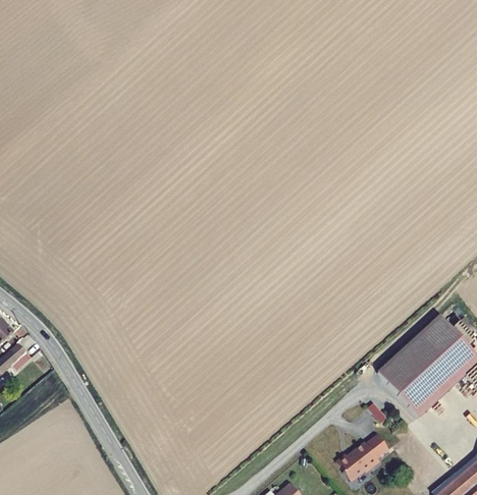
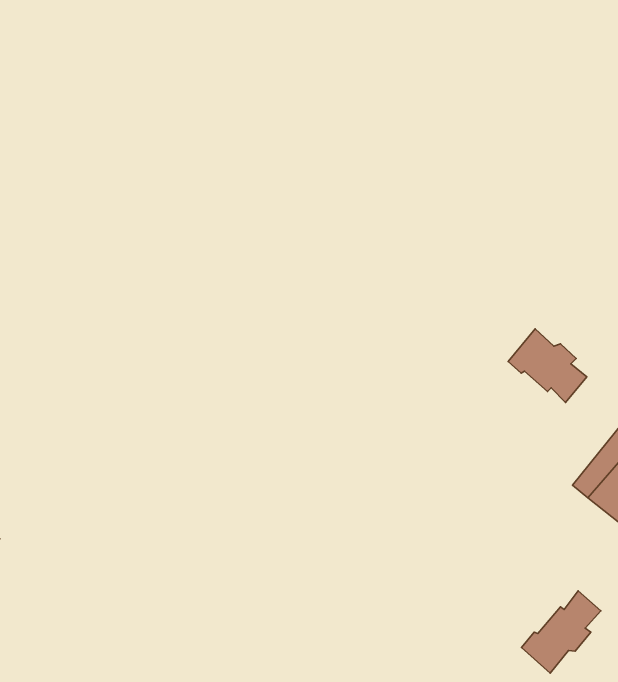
building: none -> [508,329,587,402]

